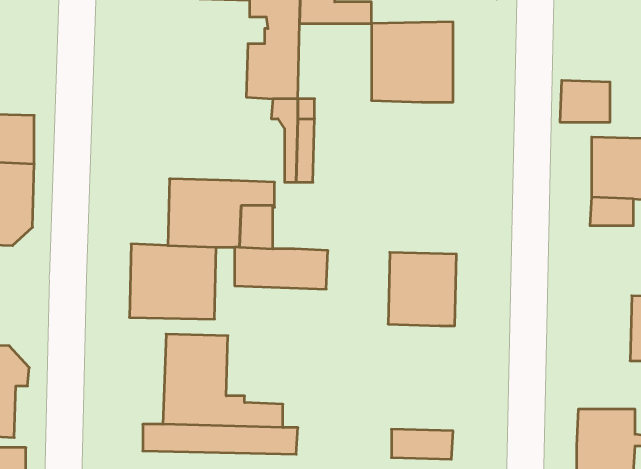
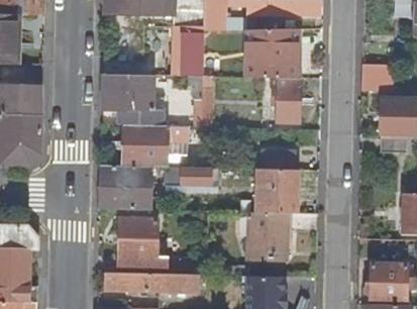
building: none -> [102,73,162,124]
building: none -> [271,79,299,120]
building: none -> [250,211,288,259]

